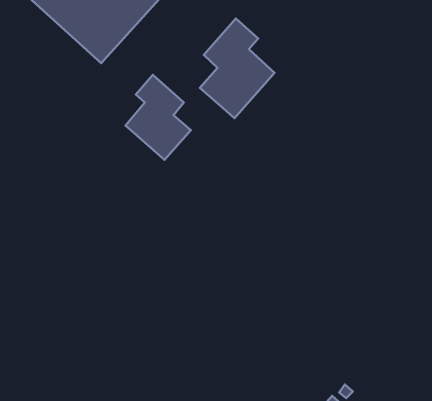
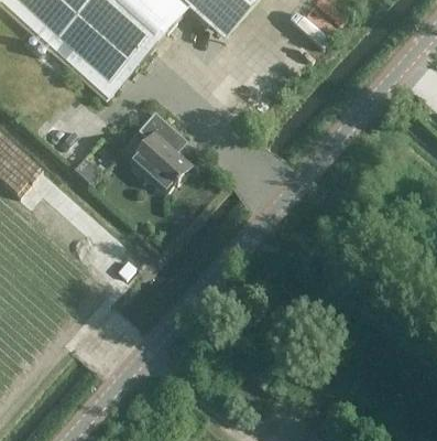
building: [200,19,275,118] -> none

